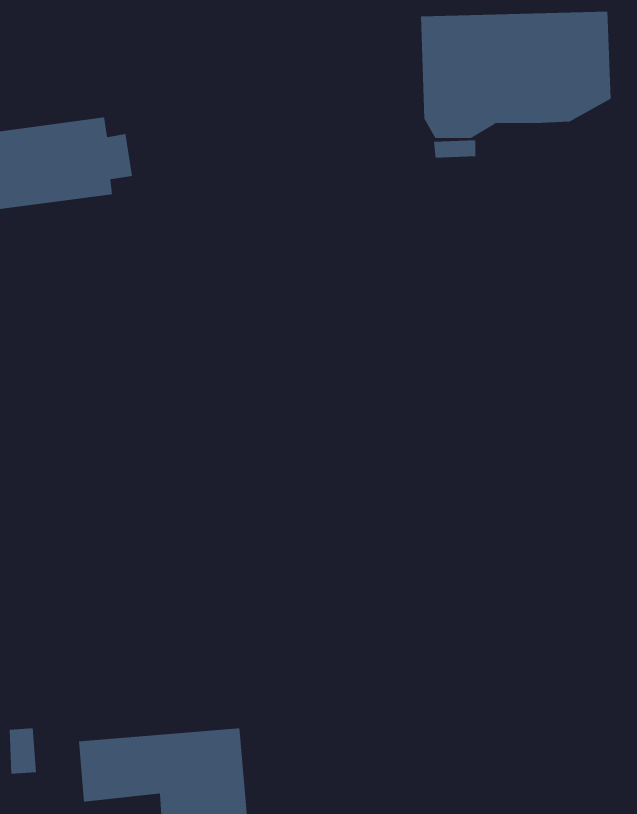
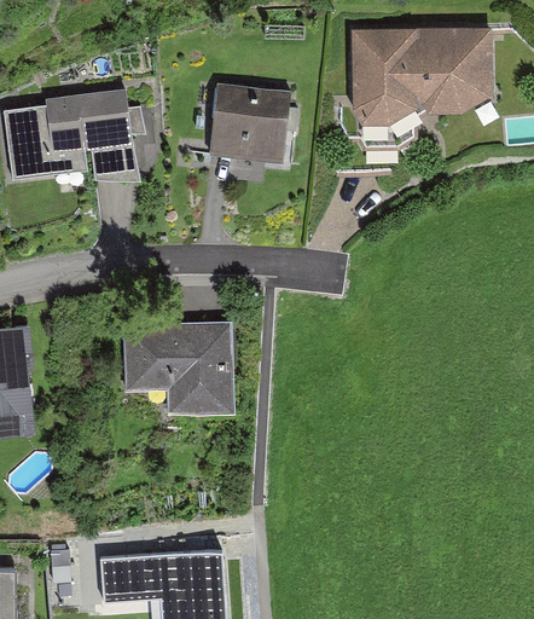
building: none -> [208,83,290,161]
building: none -> [121,318,234,409]

